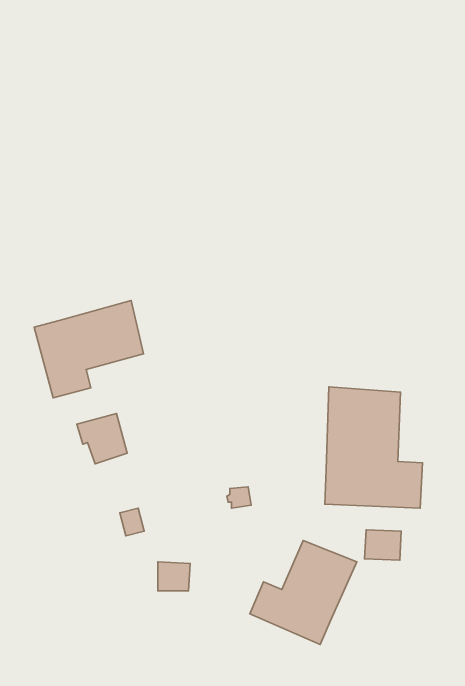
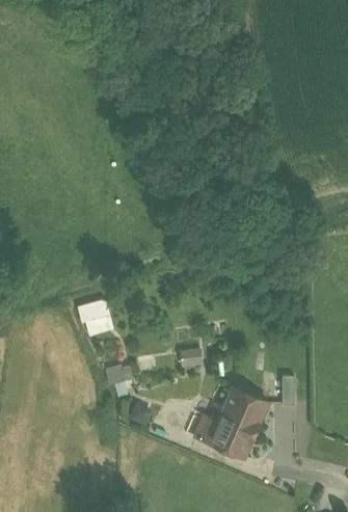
building: [34,300,143,398] -> none
building: [325,387,422,508] -> none

